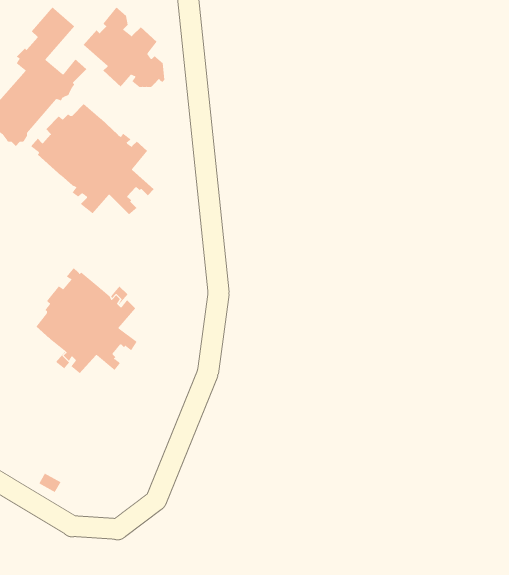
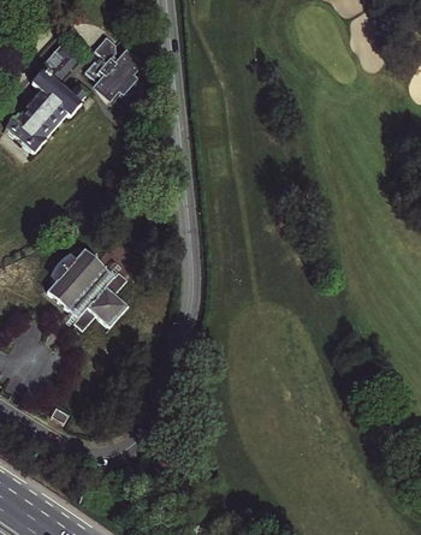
building: [30,103,154,215] -> none

